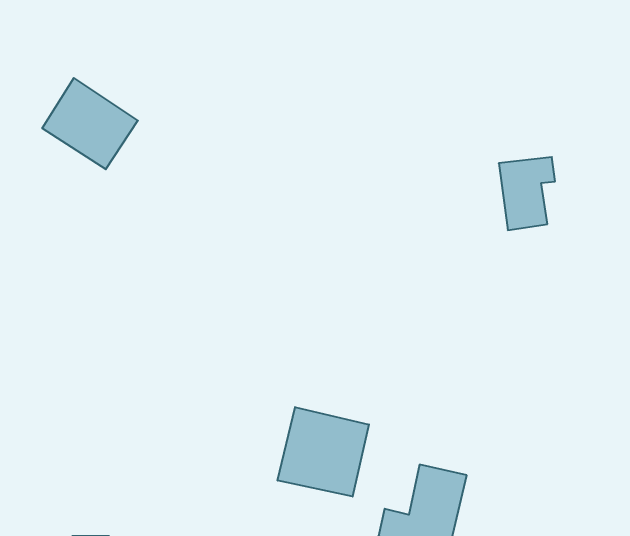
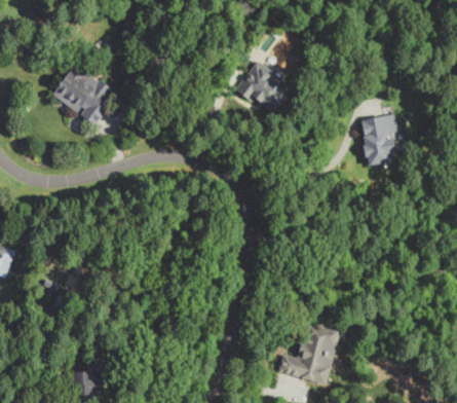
building: none -> [235,61,290,113]
building: [278,407,369,497] -> none

